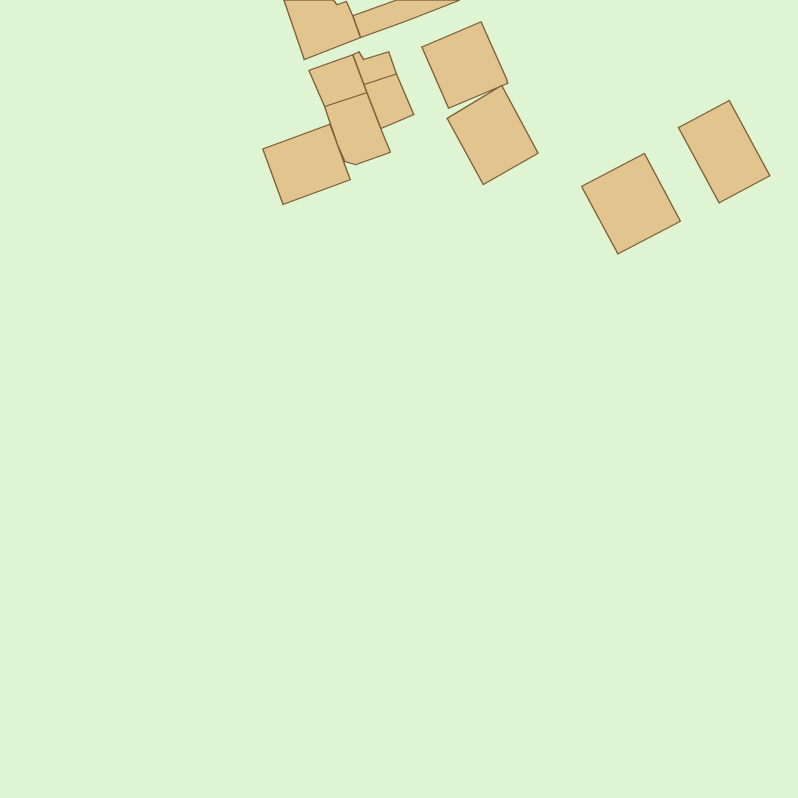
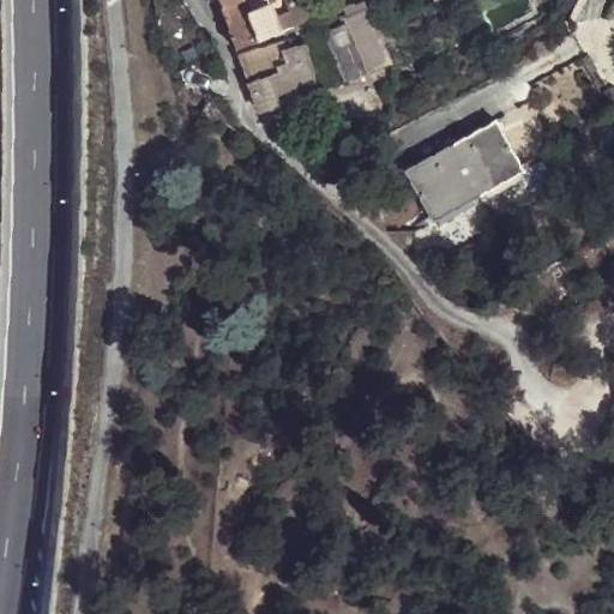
building: [447,86,538,184] -> [405,145,475,221]
building: [678,100,770,203] -> none
building: [263,124,350,205] -> none

